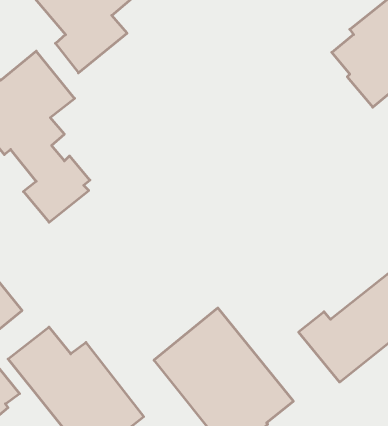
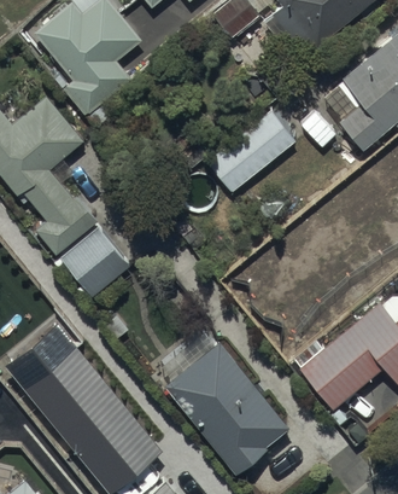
building: none -> [207,111,297,193]
building: none -> [62,231,128,296]

